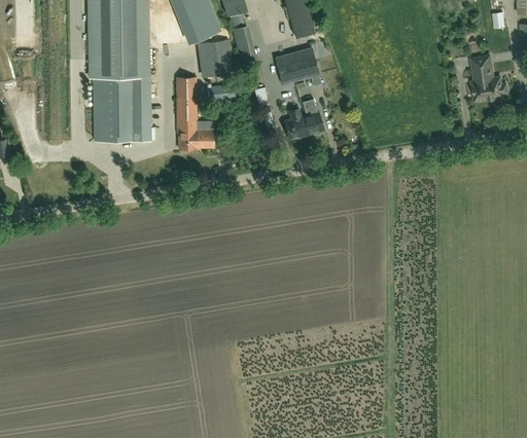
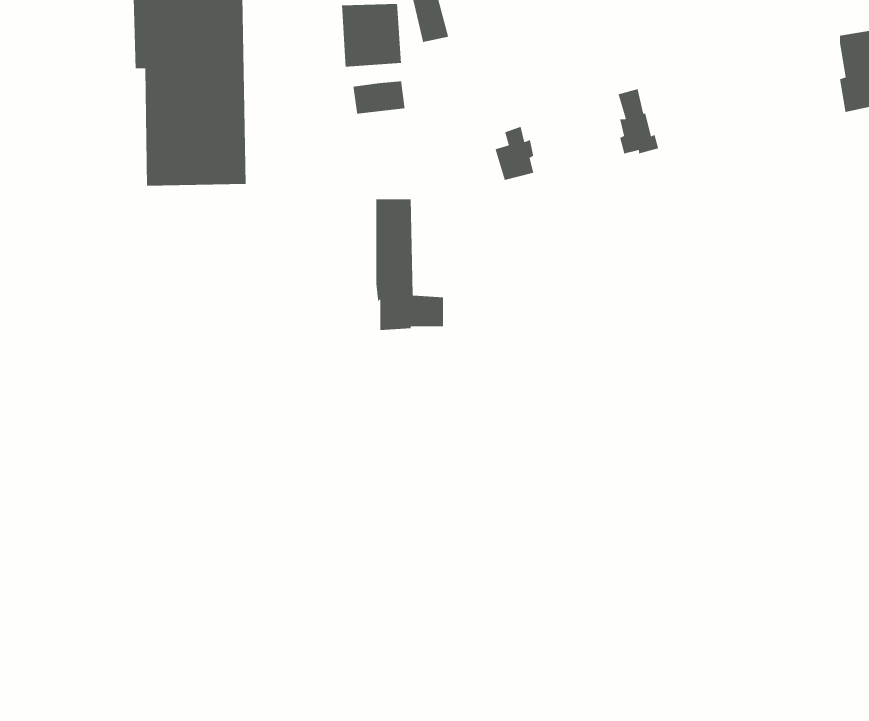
building: [275,46,319,84] -> none
building: [176,77,213,149] -> [376,198,444,331]
building: [303,99,325,135] -> [617,88,659,155]

